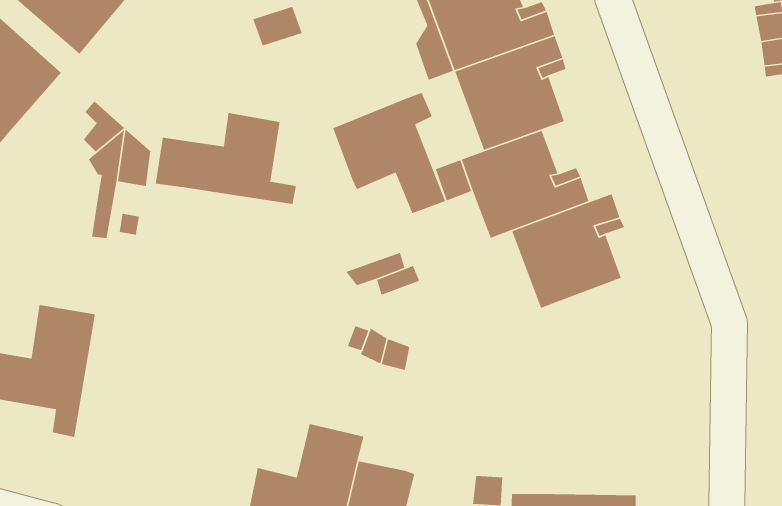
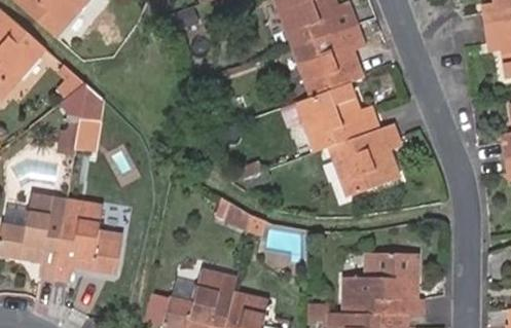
building: [332,92,446,214] -> none
building: [155,112,297,205] -> none
building: none -> [53,201,121,281]
building: none -> [343,253,423,315]

